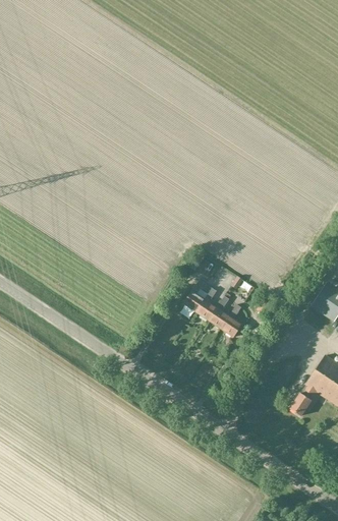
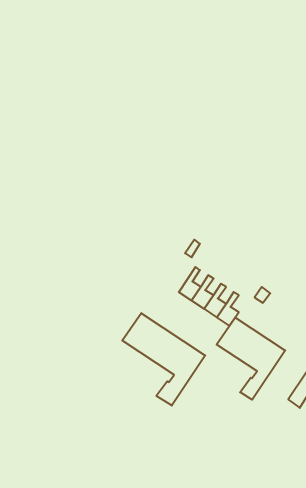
building: none -> [122,313,205,406]
building: none -> [217,317,285,400]

